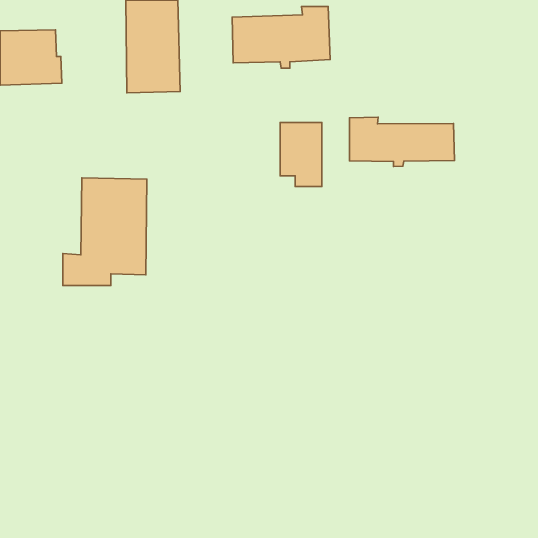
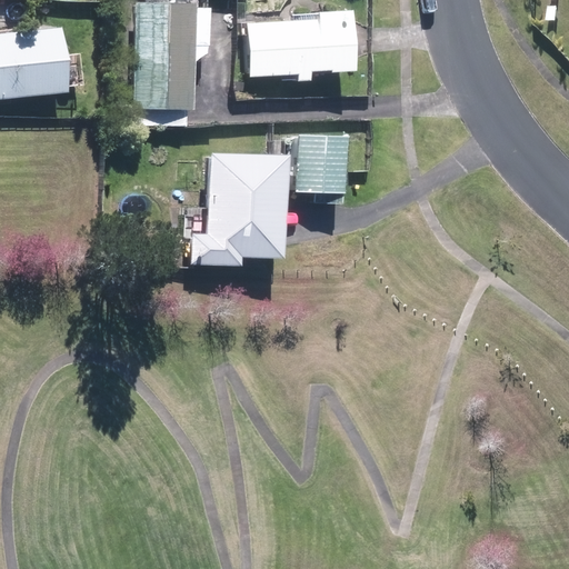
building: [350,117,454,167] -> none
building: [63,178,147,286] -> [193,151,281,263]

